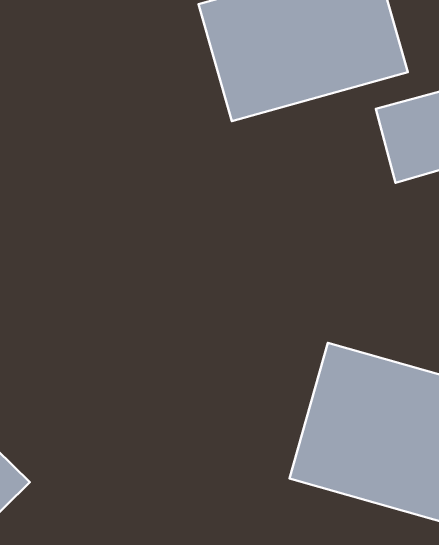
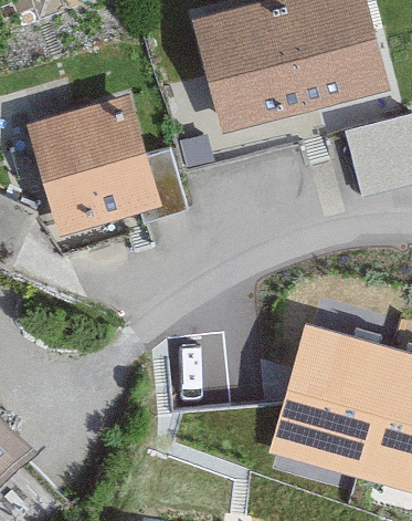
building: none -> [28,100,183,238]

